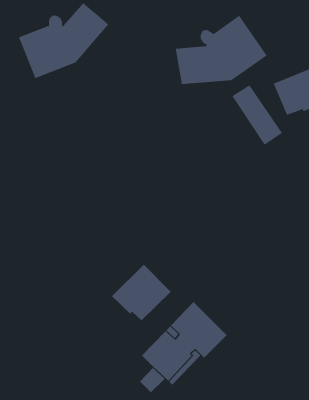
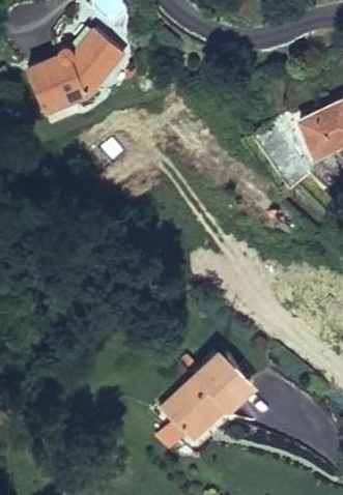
building: [175,15,268,85] -> none
building: [111,264,172,321] -> none

